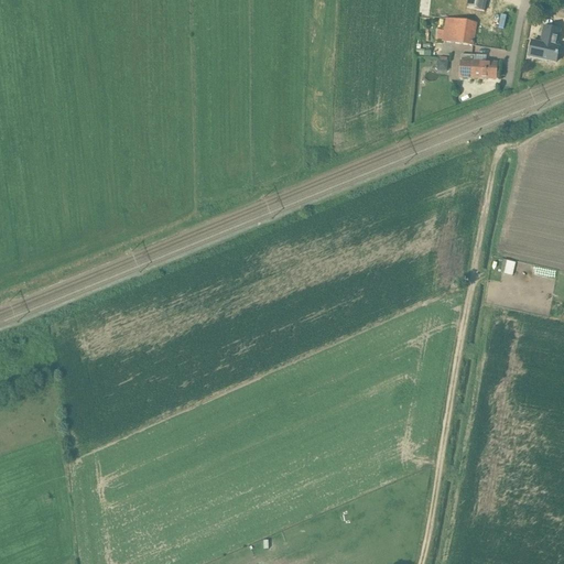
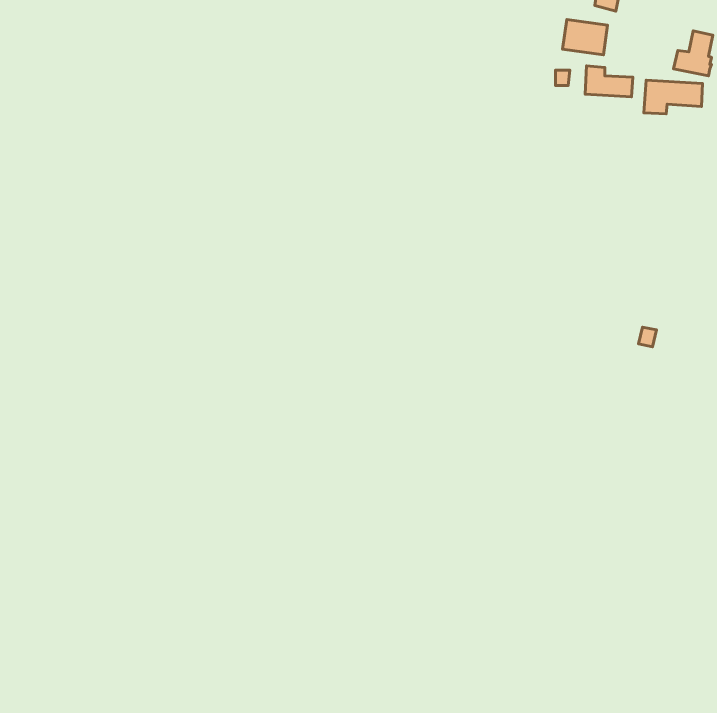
building: none -> [644,80,703,114]

